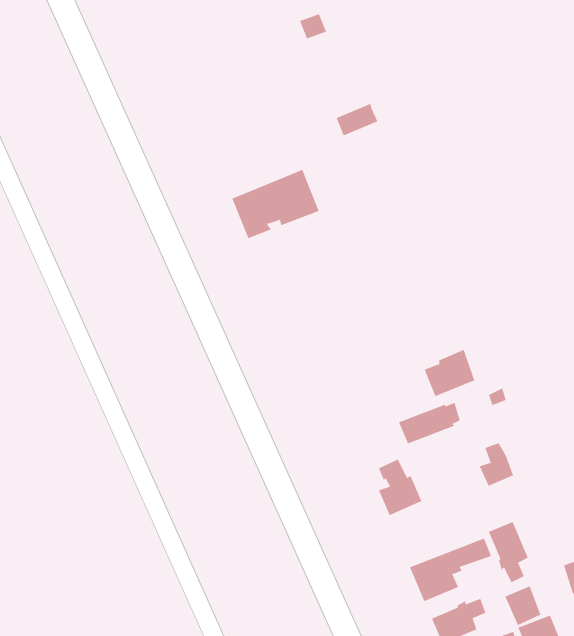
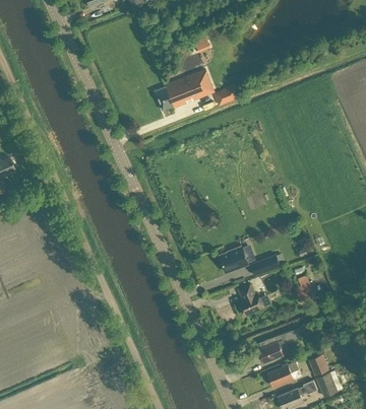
building: [231,169,319,239] -> [165,69,213,108]
building: [424,349,475,397] -> [219,246,247,272]
building: [488,521,529,583] -> none

